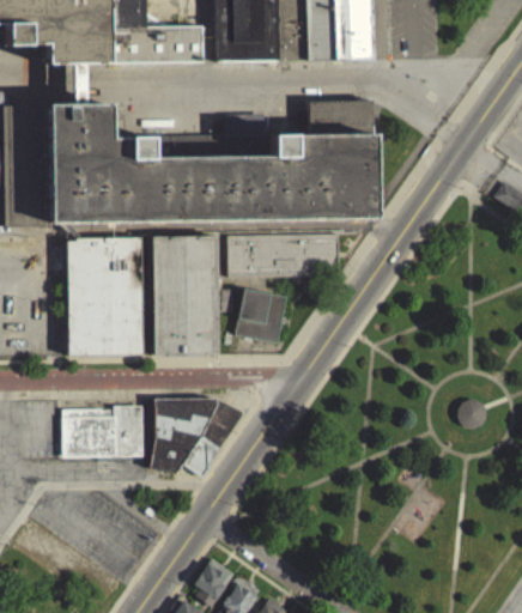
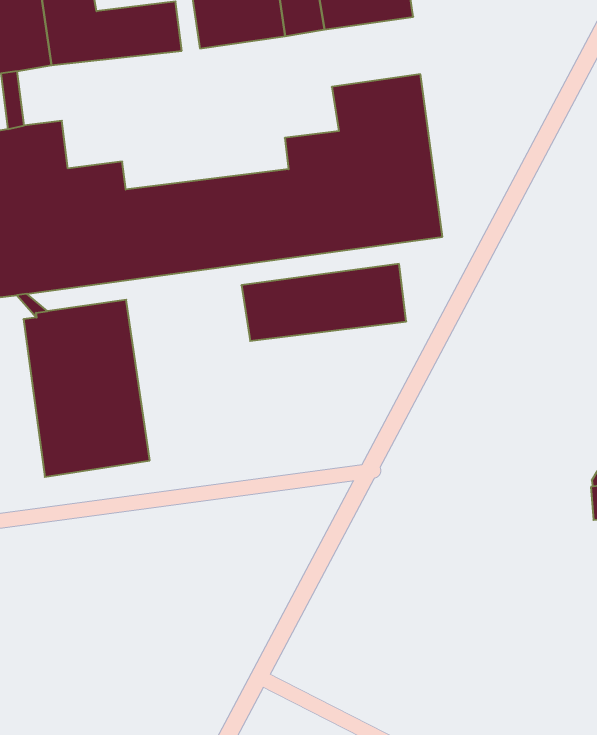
building: [151,233,219,354] -> none
building: [236,286,289,342] -> none
building: [150,396,243,477] -> none
building: [61,405,144,456] -> none

